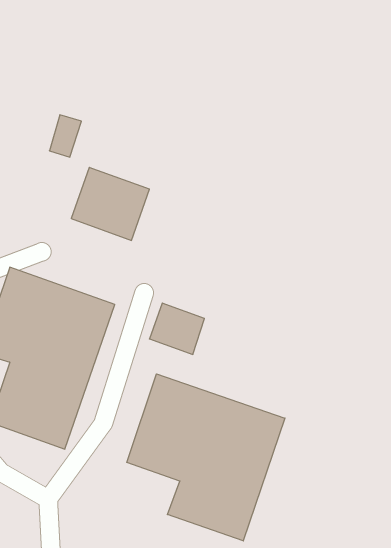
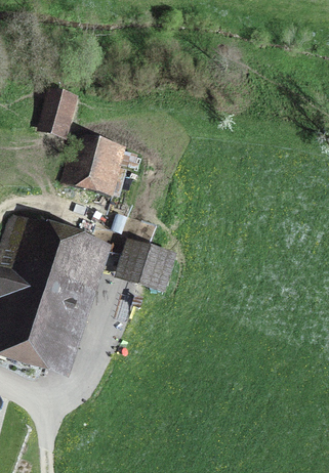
building: [127,374,285,541] -> none

